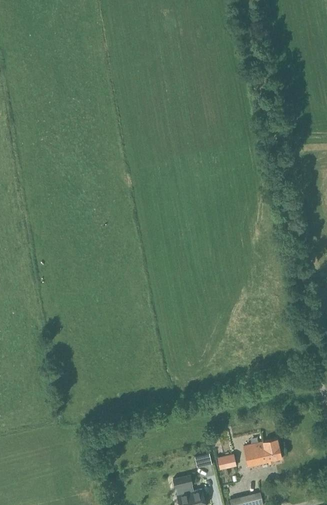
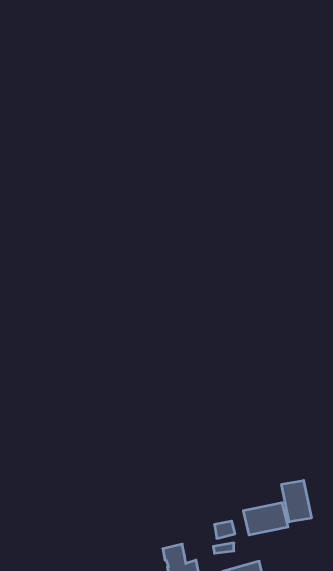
building: none -> [282,480,311,522]

